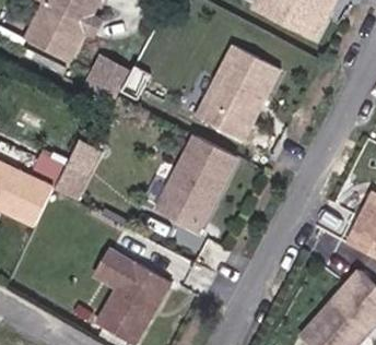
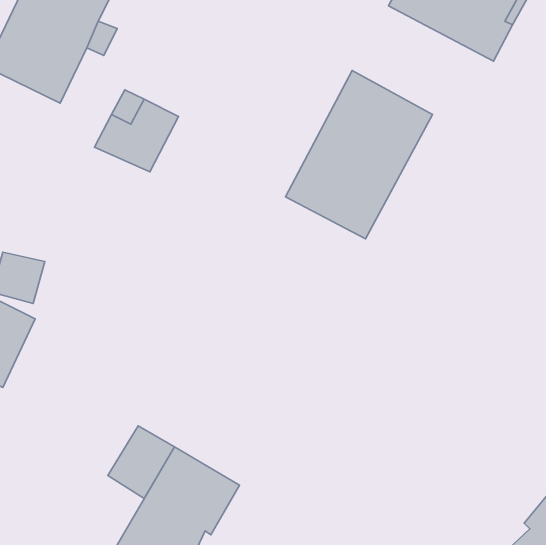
building: [157,134,235,228] -> none
building: [52,139,98,197] -> none

